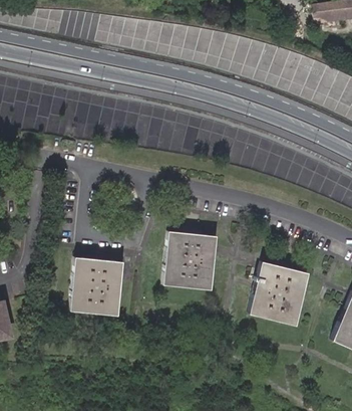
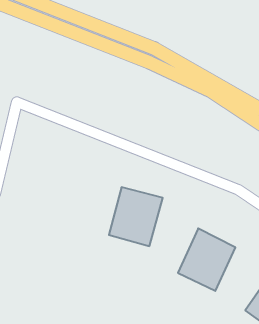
building: [70,256,124,316] -> none

